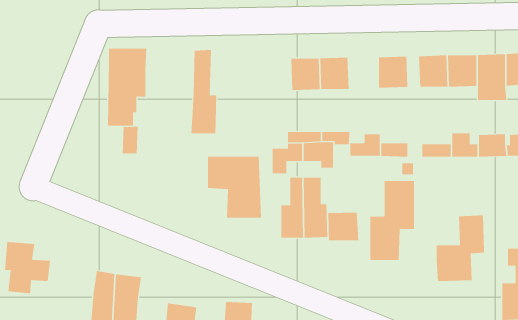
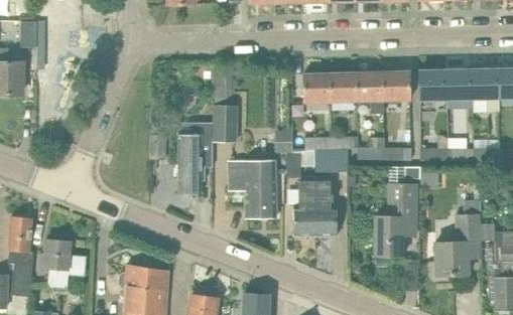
building: [107,48,147,126] -> [177,123,214,193]
building: none -> [356,72,383,102]
building: [328,212,359,241] -> none

